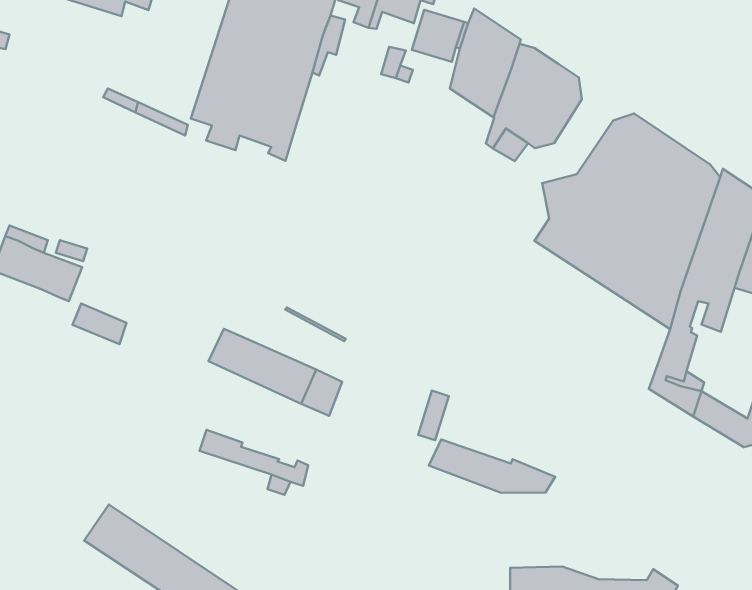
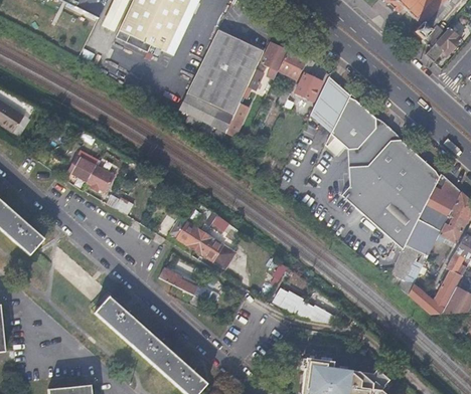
building: none -> [349,117,402,167]

